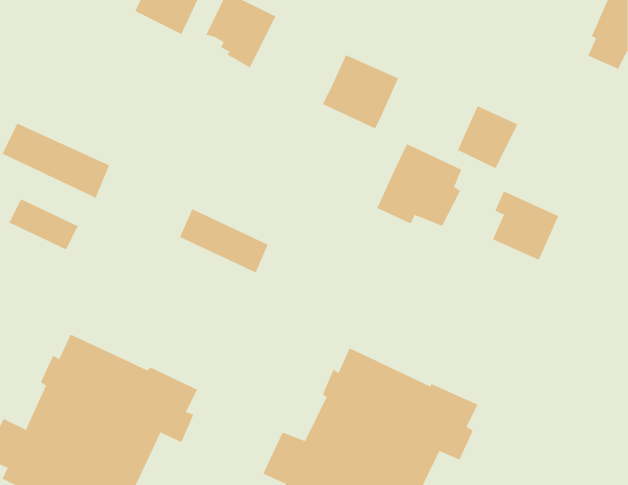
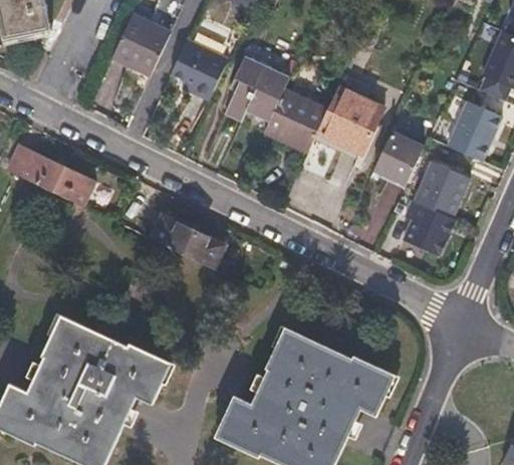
building: none -> [225,56,290,119]
building: none -> [448,100,503,162]
building: none -> [413,160,473,219]
building: [377,144,462,227] -> [314,85,383,153]
building: [9,199,78,250] -> none

